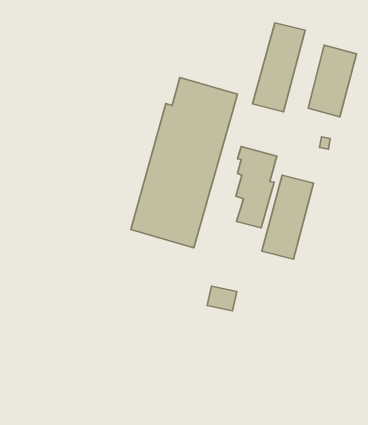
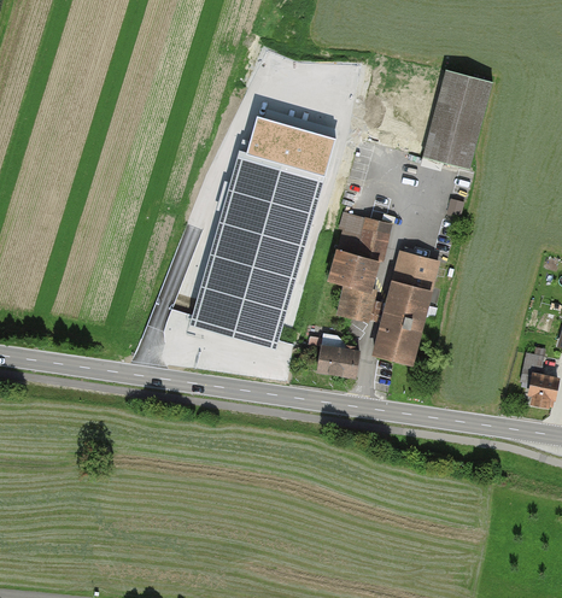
building: [252,23,305,112] -> none
building: [207,286,237,311] -> [321,344,362,377]

